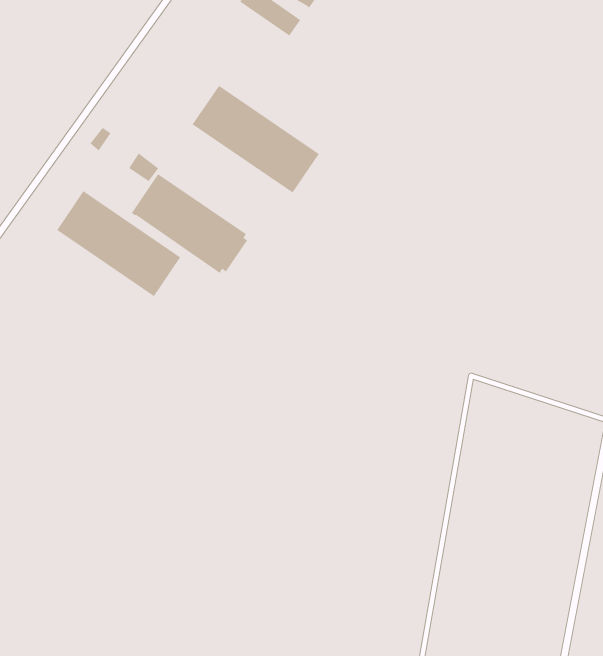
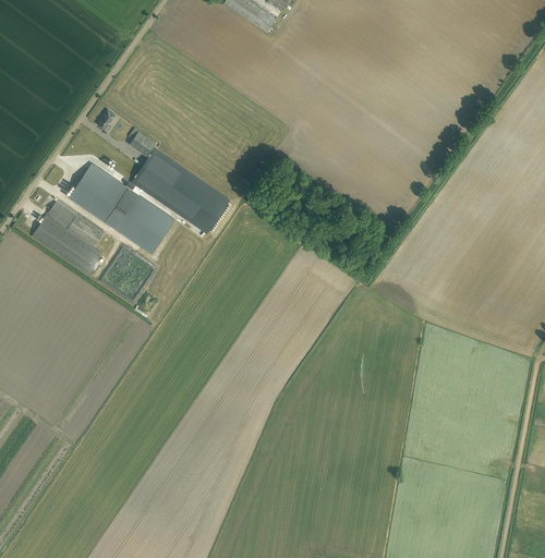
building: [191,85,320,193] -> none
building: none -> [31,196,104,275]

